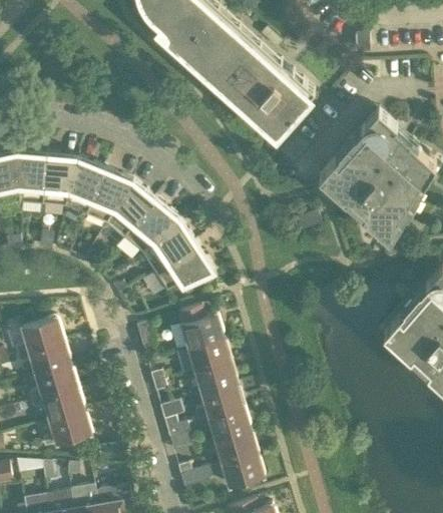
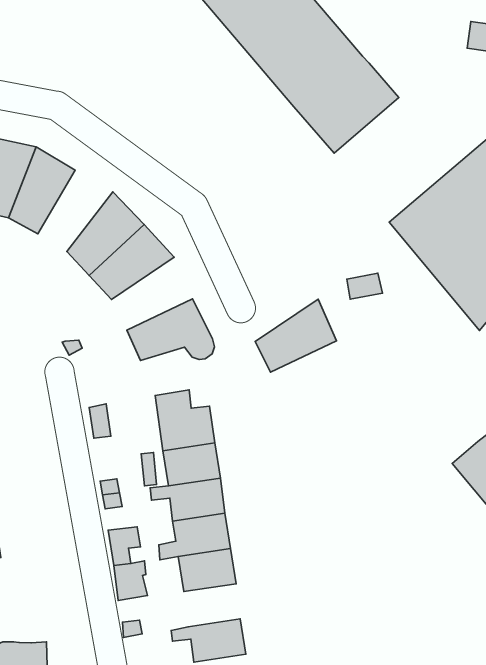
building: [86,170,132,225] -> none
building: [141,219,195,273] -> [255,299,336,372]
building: [216,432,257,465] -> none

